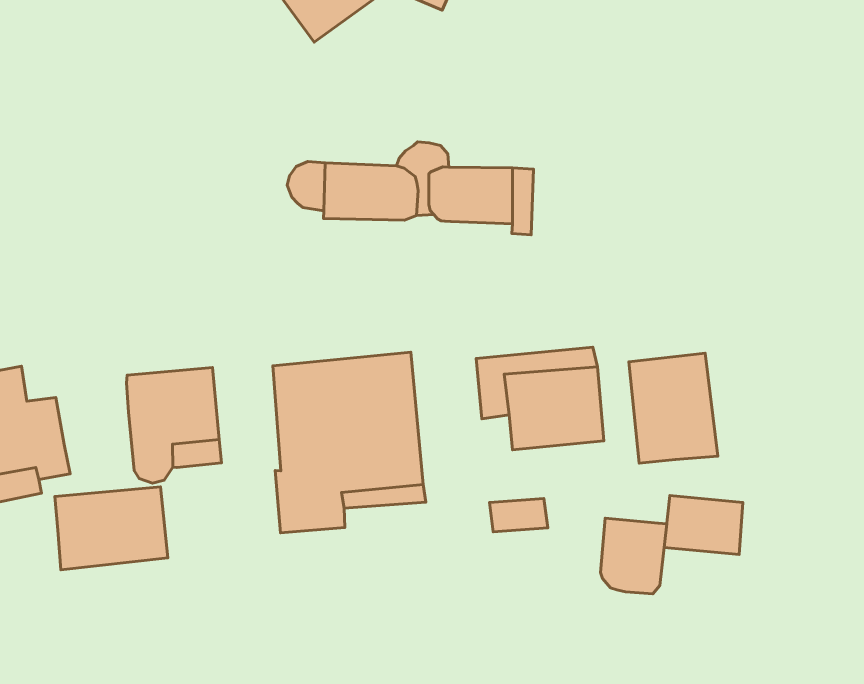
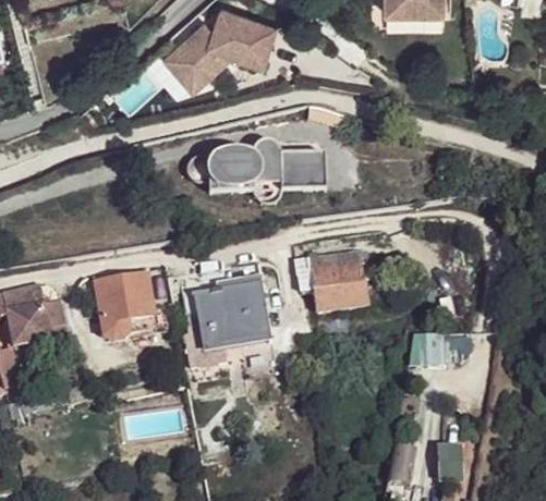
building: [629,353,718,463] -> none
building: [55,487,168,570] -> none
building: [601,518,667,594] -> none

